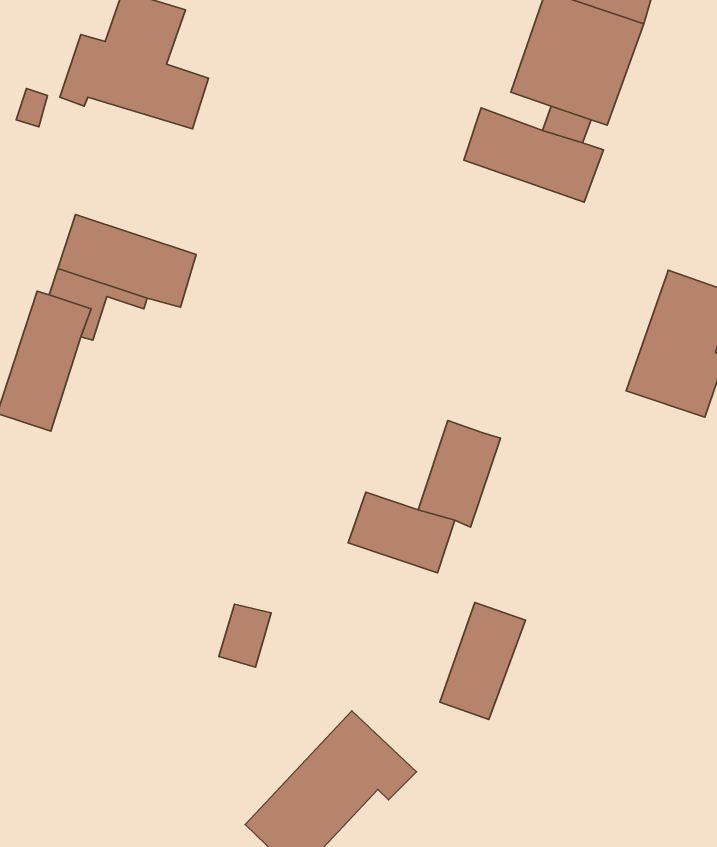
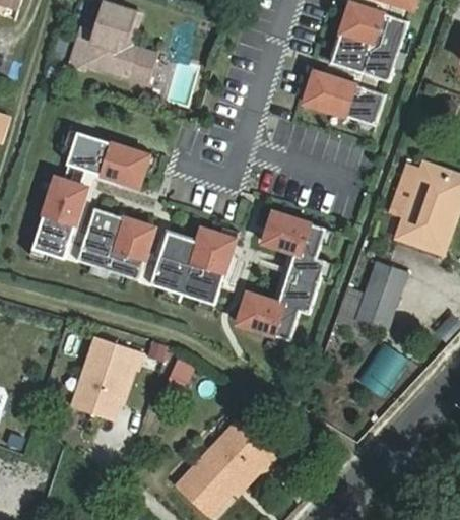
building: none -> [76,206,153,278]
building: none -> [262,210,324,258]
building: none -> [149,226,235,303]
building: none -> [71,341,137,422]
building: [440,603,526,720] -> [355,260,405,328]

